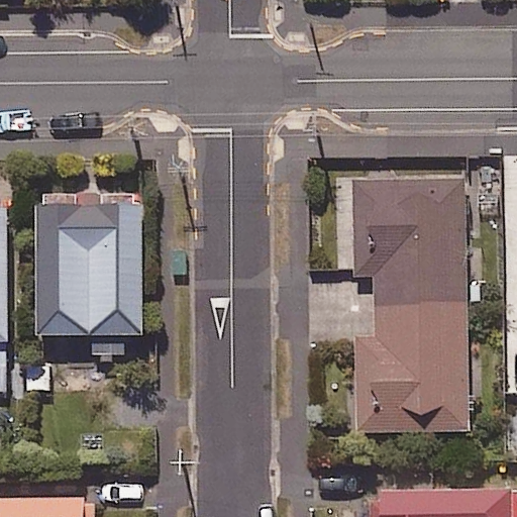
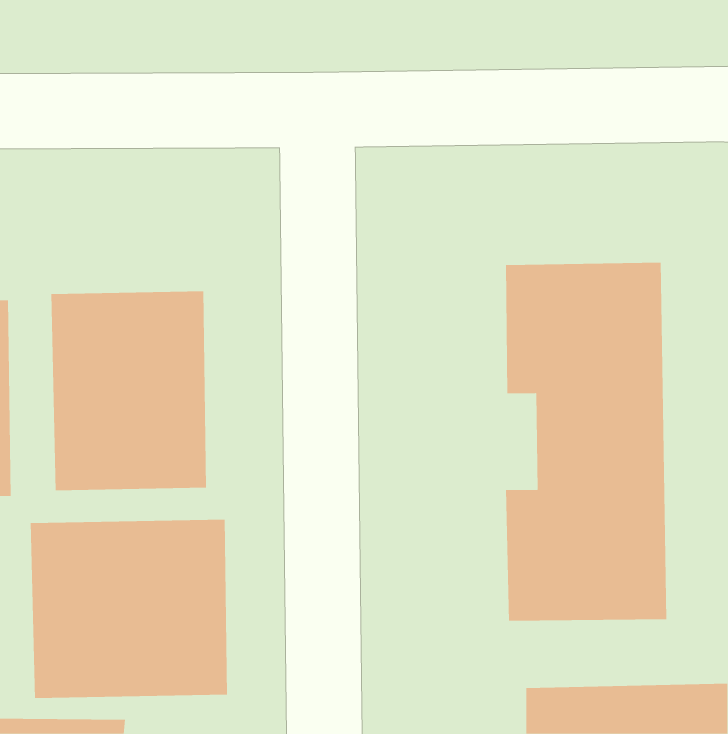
building: none -> [30,519,228,699]

